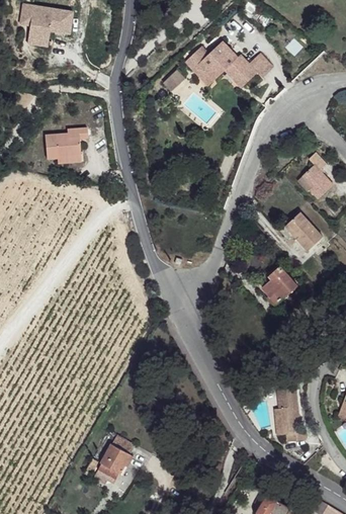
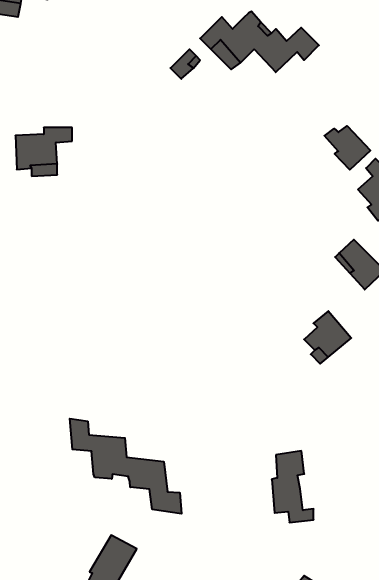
building: none -> [324,126,370,170]
building: none -> [70,419,182,514]
building: [274,389,306,442] -> [272,451,314,522]

